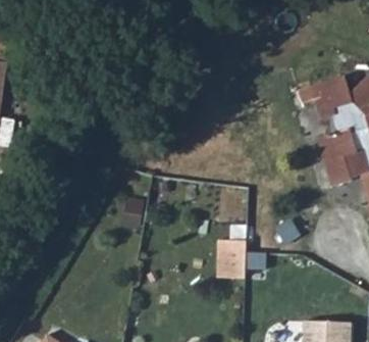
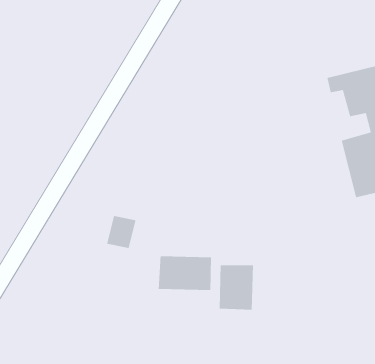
building: none -> [158,256,212,291]

